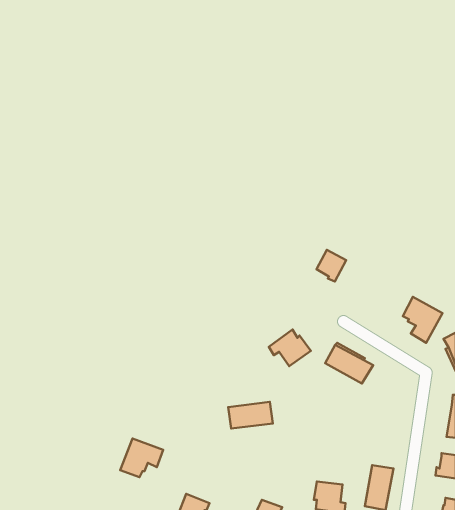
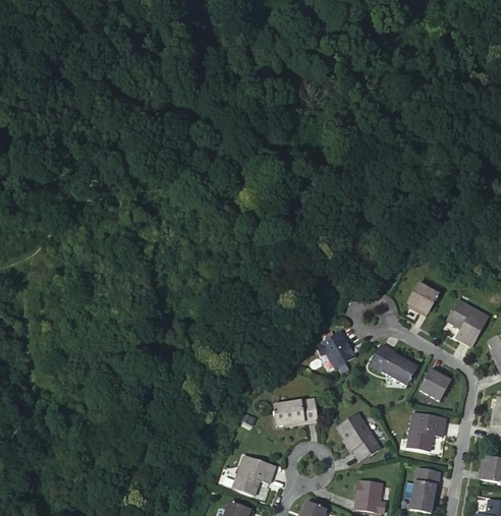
building: [317,250,346,281] -> [407,281,437,312]
building: none -> [420,367,450,401]
building: none -> [406,412,445,449]
building: none -> [334,417,376,464]
building: [120,438,163,477] -> [232,449,275,488]

